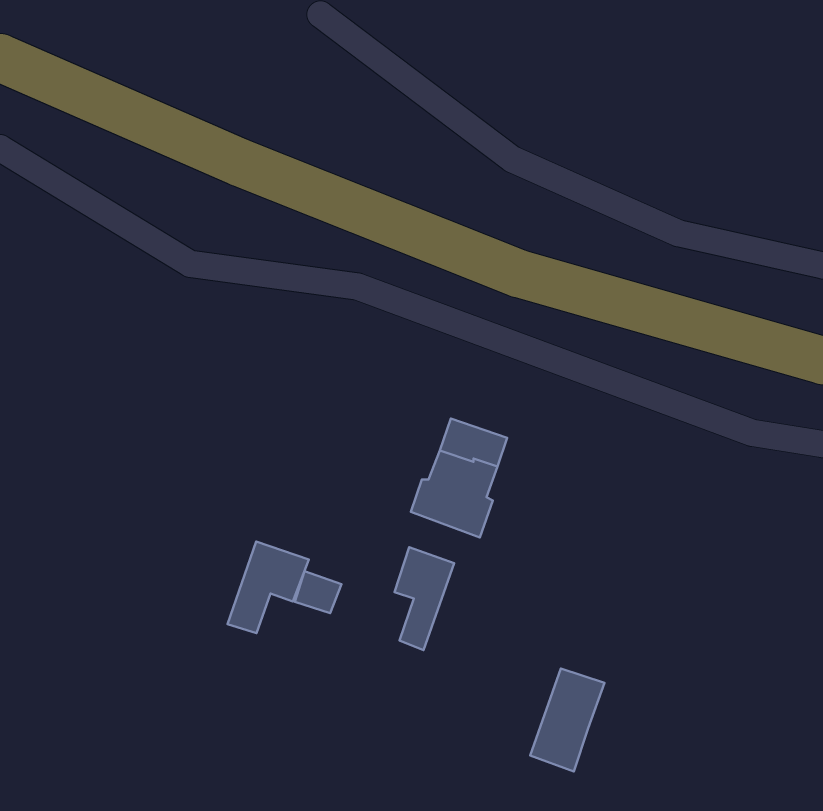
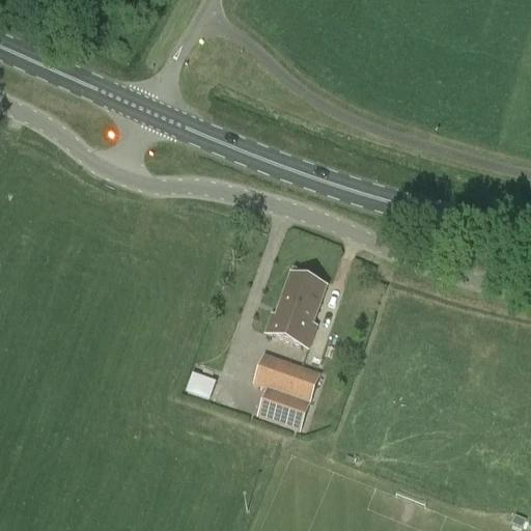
building: [227,541,309,633] -> none
building: [530,668,604,771] -> [273,363,320,429]

